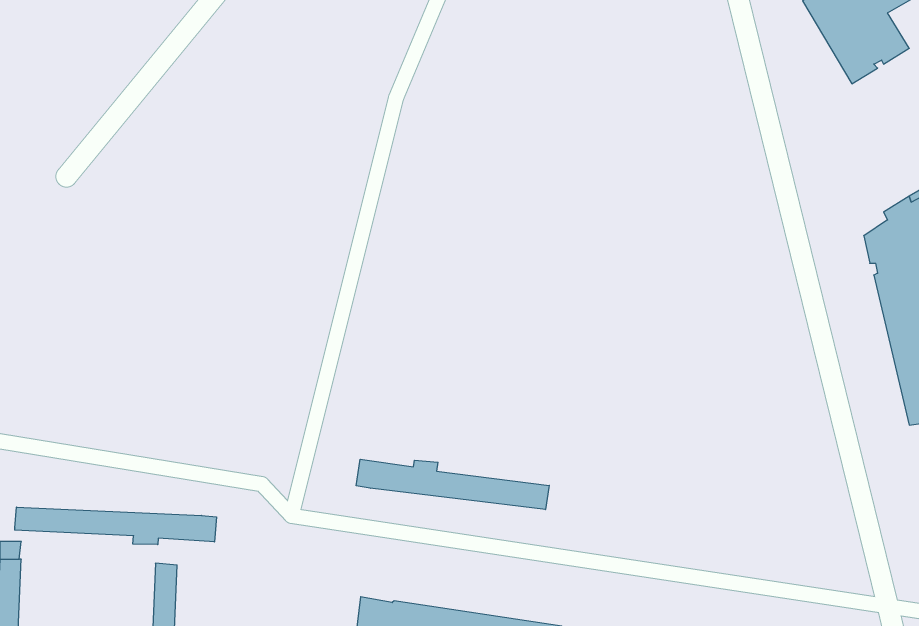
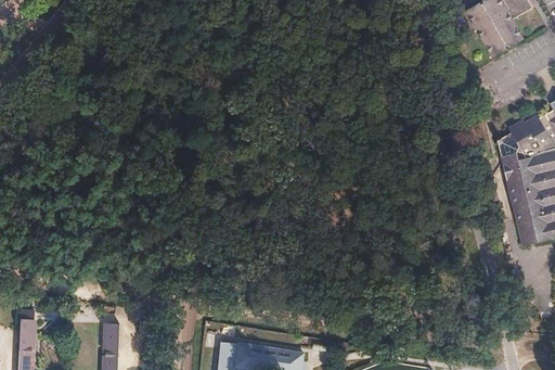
building: [356,459,549,510] -> none
building: [15,507,216,545] -> none

